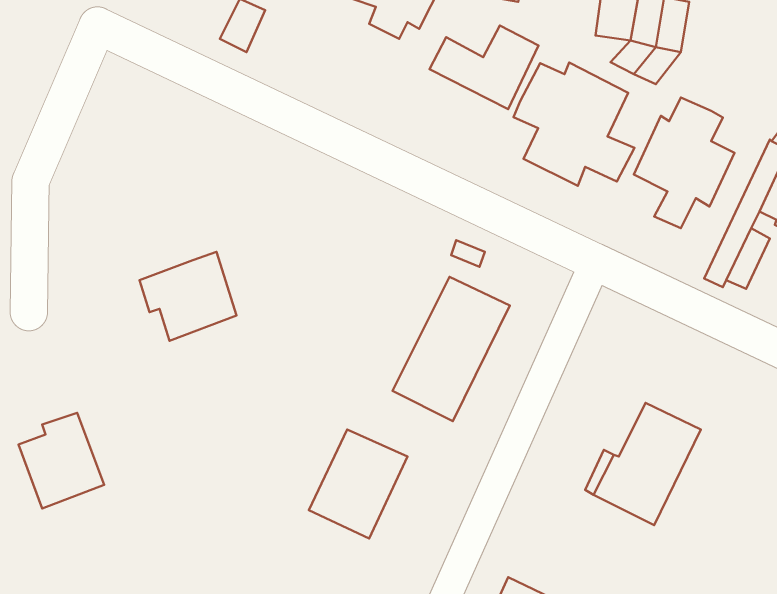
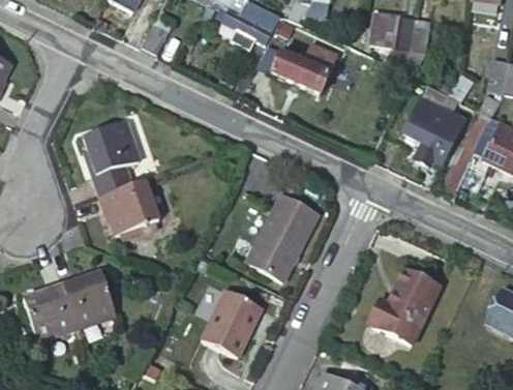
building: [514,63,635,186] -> none
building: none -> [78,119,133,194]
building: none -> [56,267,111,321]

